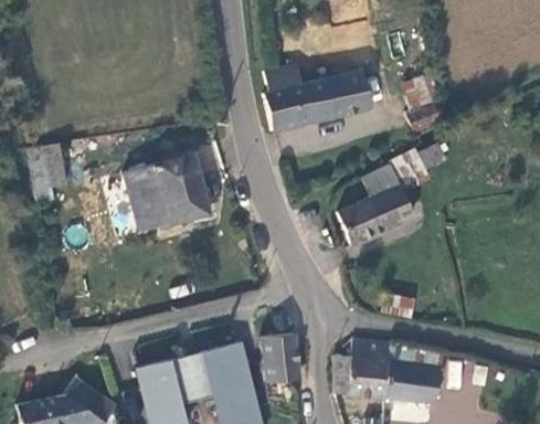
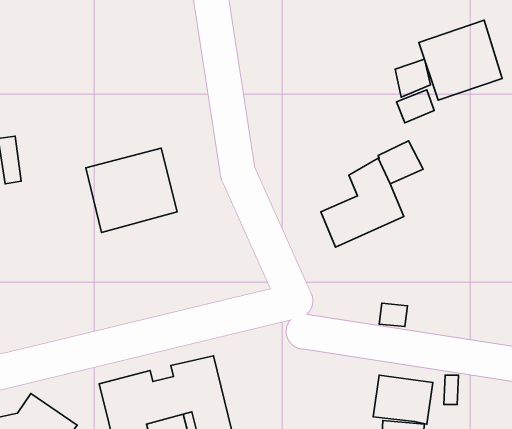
building: none -> [419,20,502,100]
building: [264,65,372,131] -> none
building: [262,332,299,381] -> none
building: [335,339,391,398] -> none

